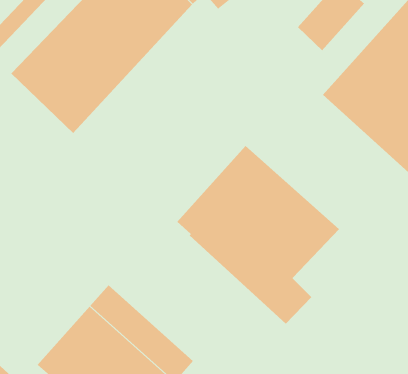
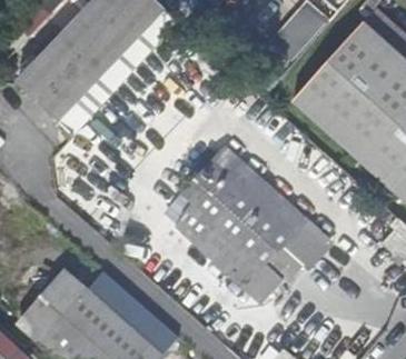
building: none -> [266,219,333,281]
building: none -> [19,268,86,339]

